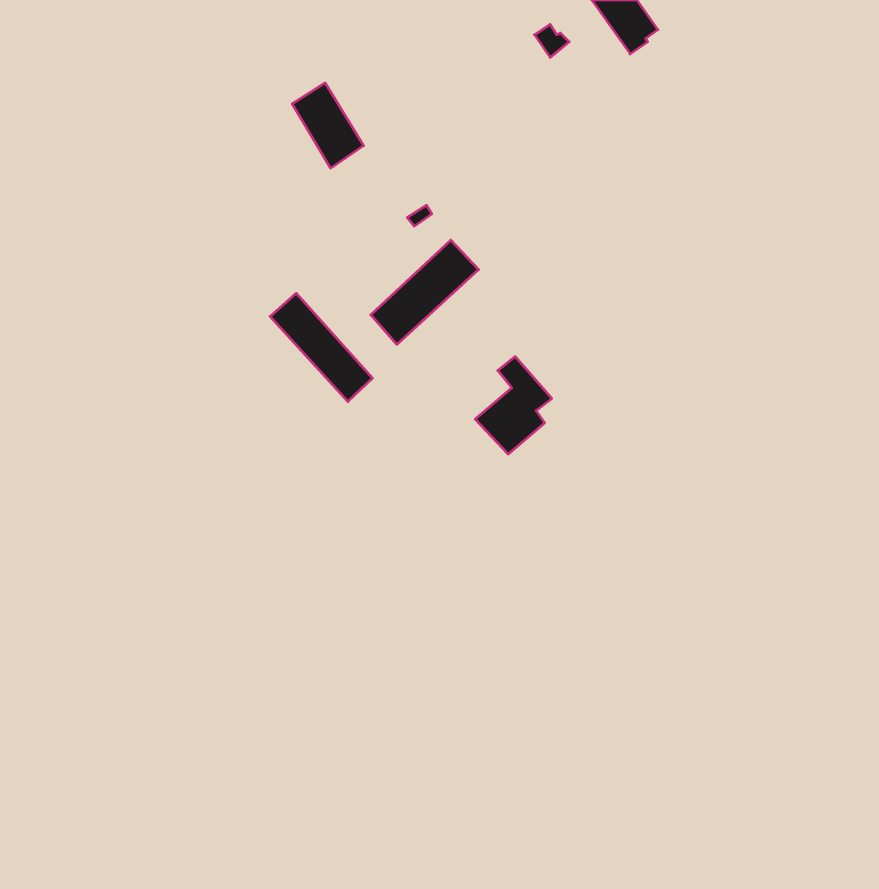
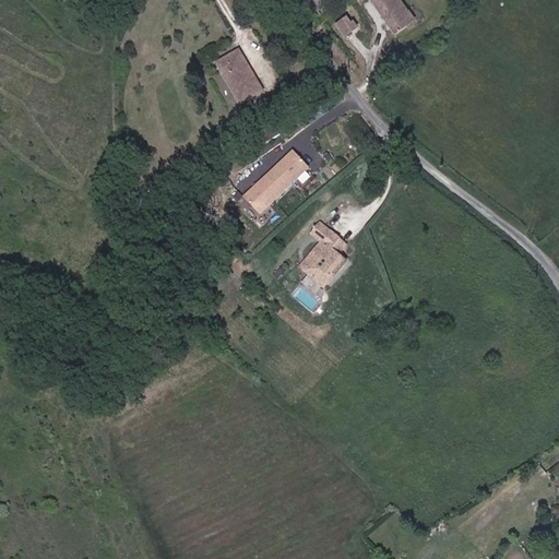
building: [292,83,364,168] -> [222,49,266,103]
building: [270,293,372,402] -> none

